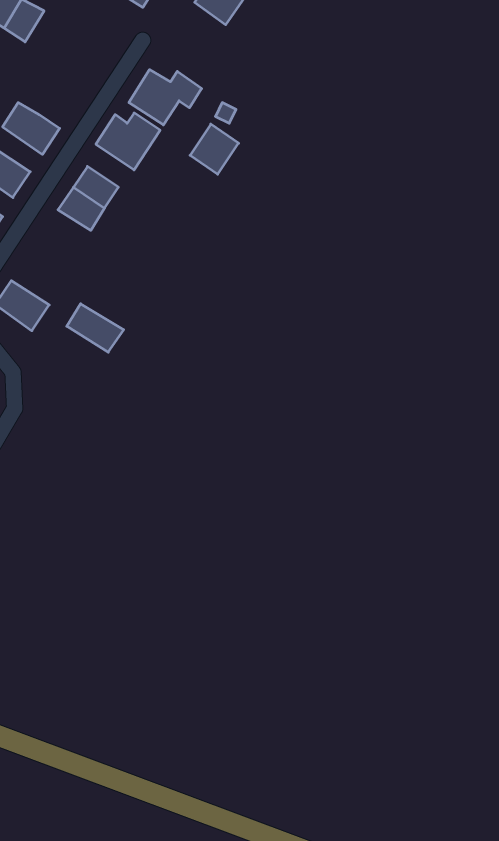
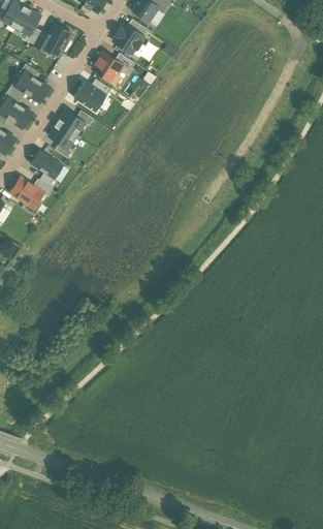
building: none -> [32,23,71,57]
building: [190,124,239,174] -> [117,26,146,56]
building: [67,304,124,352] -> [30,149,64,178]

